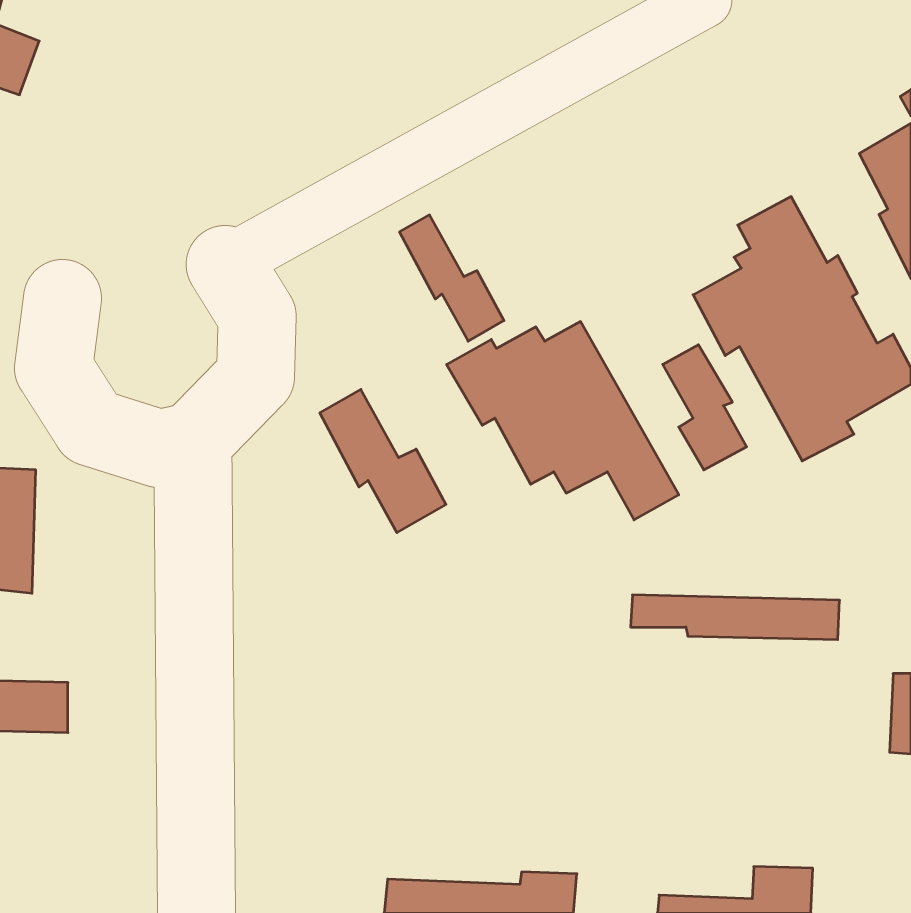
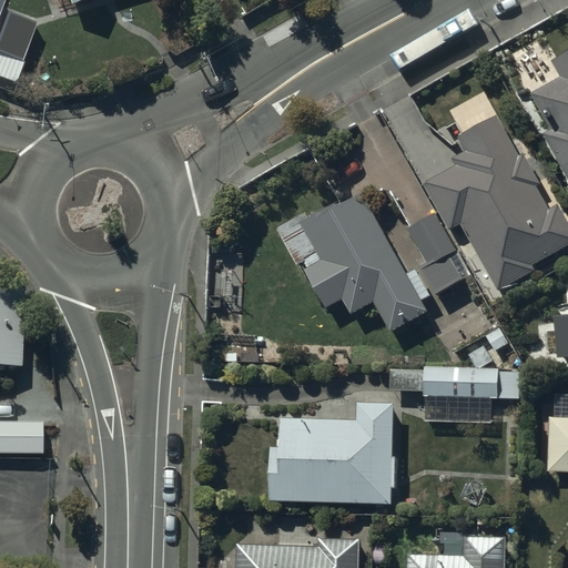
building: [400,215,504,341] -> none
building: [320,389,446,533] -> none
building: none -> [273,404,392,499]

